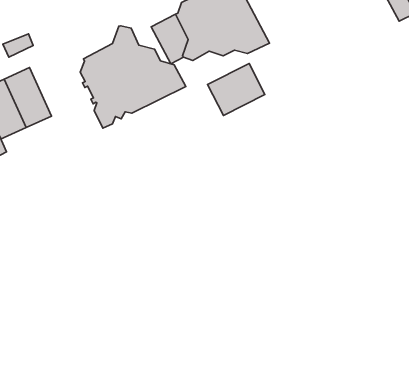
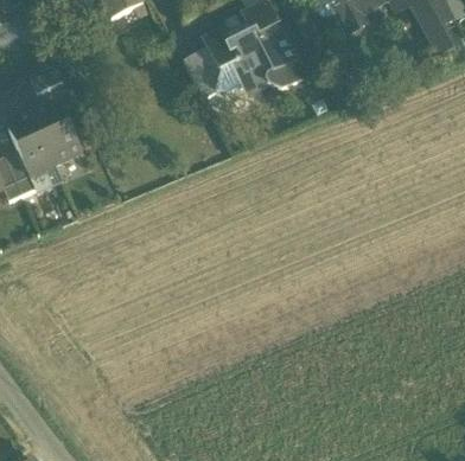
building: [80,26,186,128] -> none
building: [208,63,265,116] -> none

